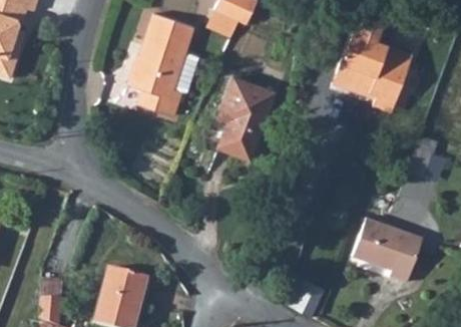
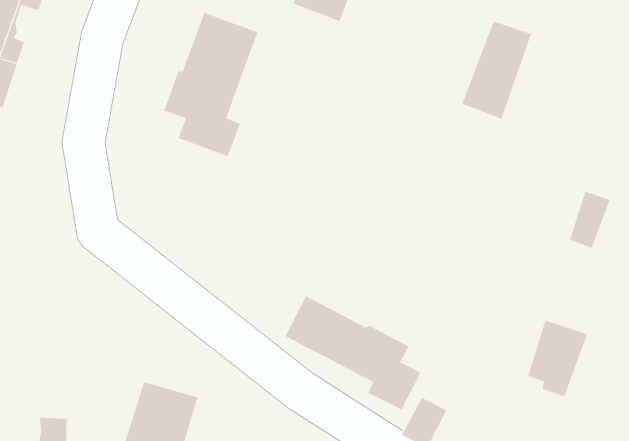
building: [362,28,412,110] -> none
building: [216,75,274,156] -> none
building: none -> [285,296,421,410]
building: [353,220,392,268] -> none

